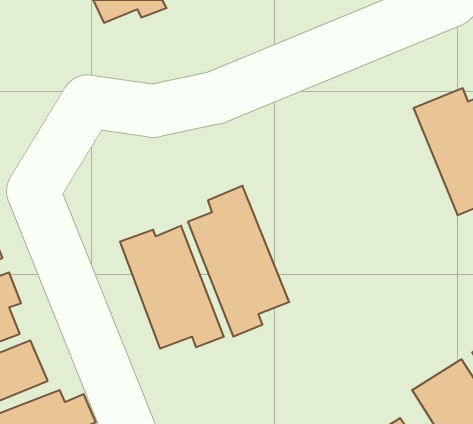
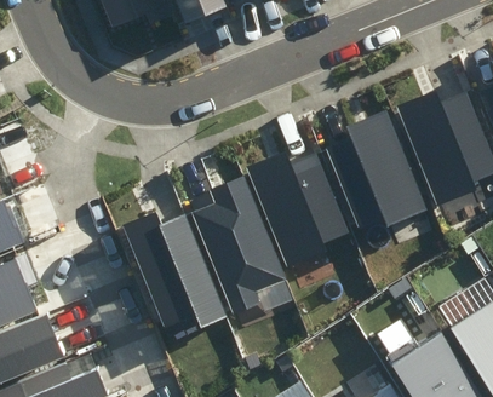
building: none -> [328,115,426,232]
building: none -> [247,149,349,264]

